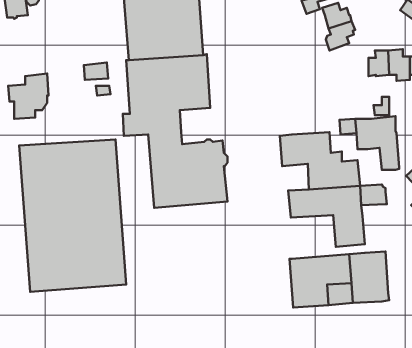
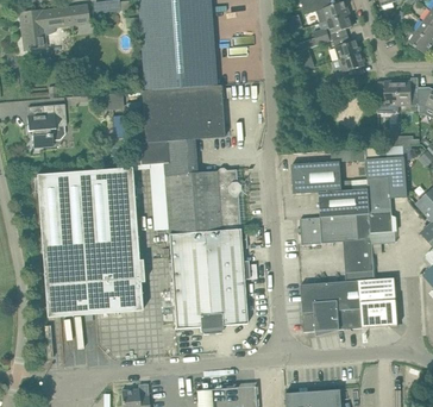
building: none -> [368,176,391,213]
building: none -> [169,228,250,334]

